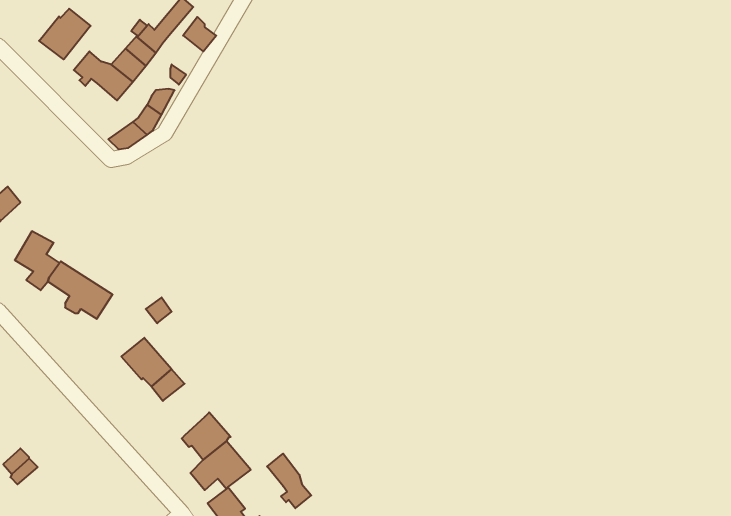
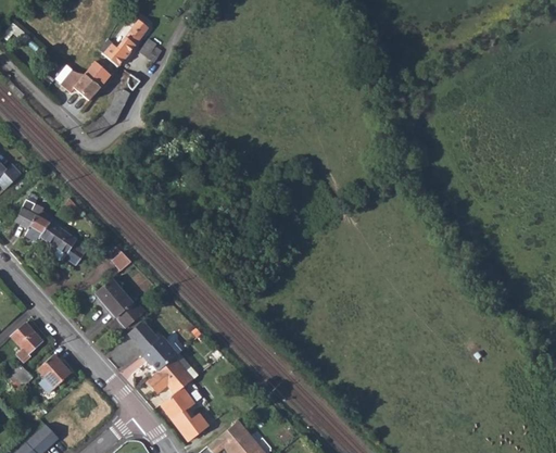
building: [39,9,91,59] -> none
building: none -> [126,320,157,353]
building: none -> [11,324,41,363]
building: none -> [37,354,72,392]
building: [267,454,311,508] -> none

